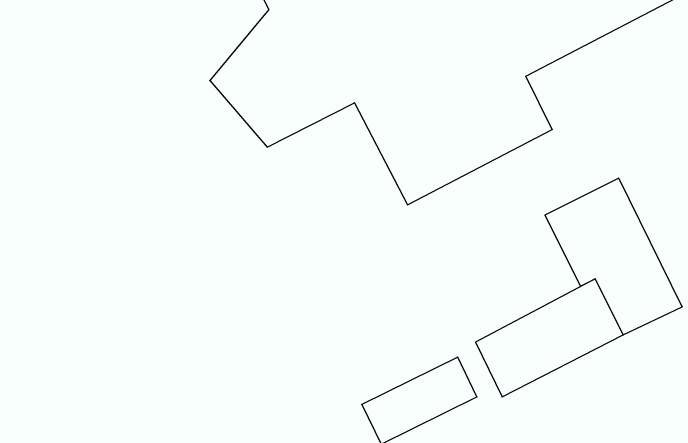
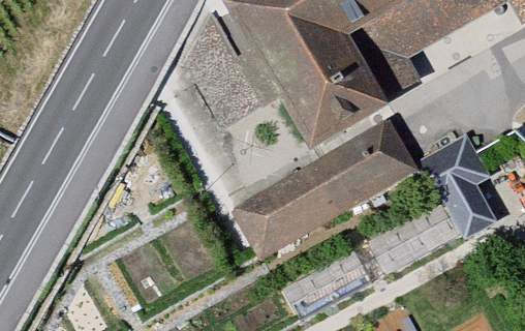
building: none -> [231,122,415,255]

